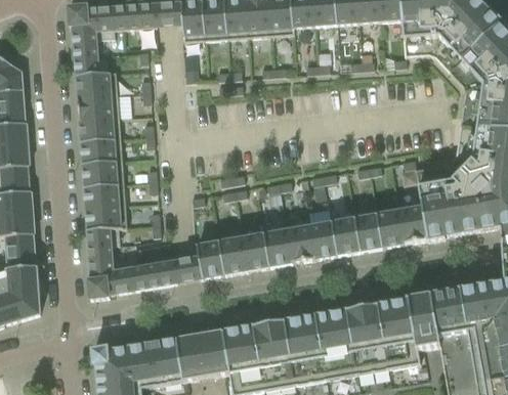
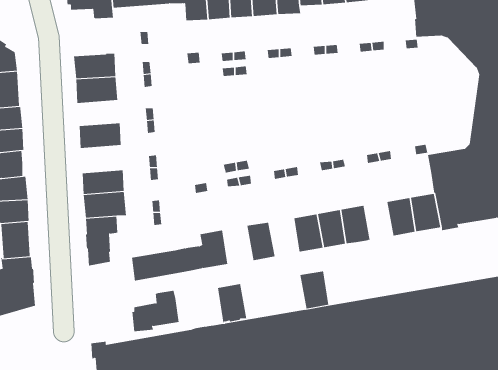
building: [73,29,107,74] -> none
building: [79,116,121,140] -> none
building: [82,159,124,185] -> none
building: [354,213,382,250] -> none
building: [263,228,292,265] -> [299,271,329,309]
building: [219,235,248,273] -> [217,284,247,323]
building: [88,258,134,298] -> [131,290,180,332]

